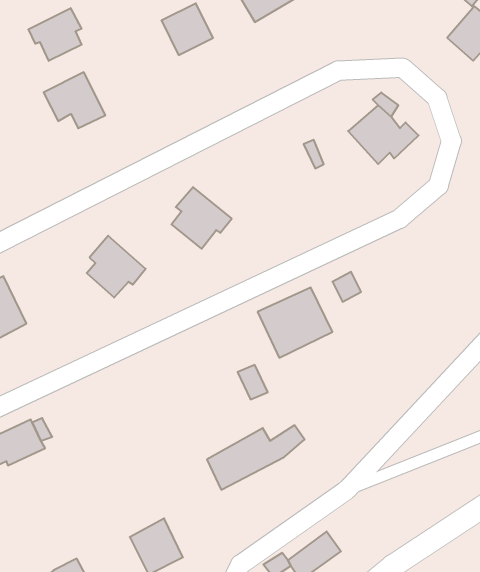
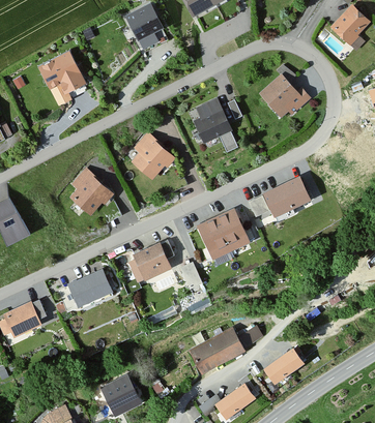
building: [28,8,82,61] -> none
building: none -> [194,99,237,152]
building: none -> [263,177,310,216]
building: none -> [128,244,171,282]
building: none -> [67,271,111,307]
building: [207,425,305,490] -> [192,327,262,373]
building: none -> [264,348,304,383]

